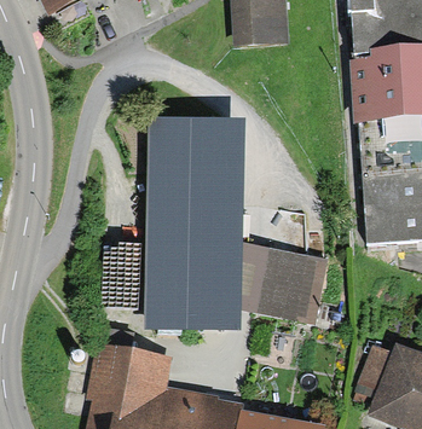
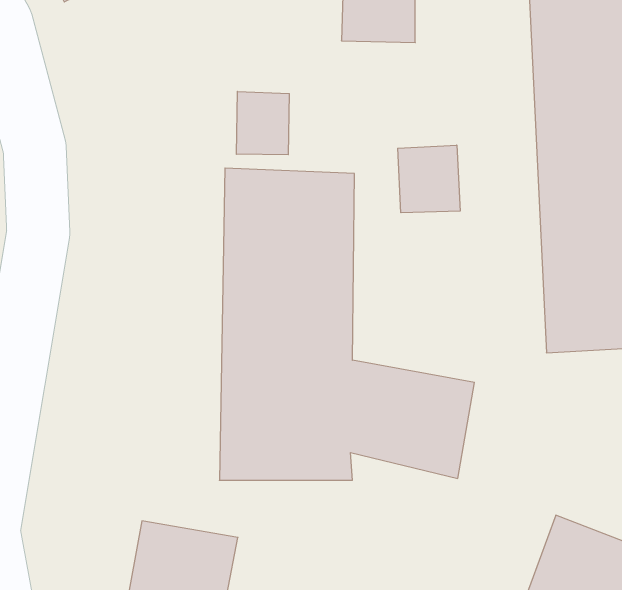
building: none -> [236,91,289,155]
building: none -> [398,145,460,213]

